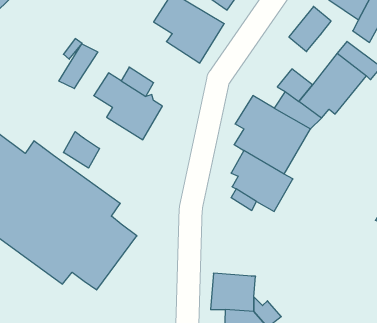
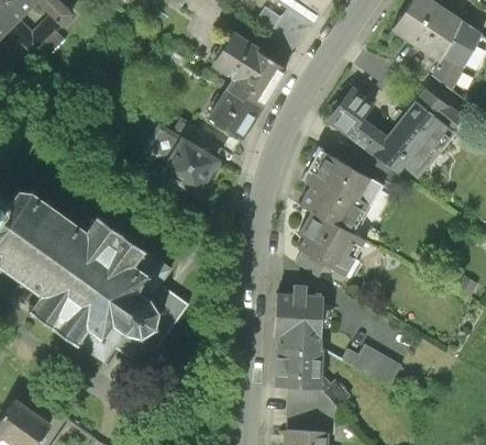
building: [289,6,331,52] -> [329,89,376,140]
building: none -> [206,89,262,142]
building: [59,44,98,89] -> none
building: [63,132,100,168] -> none
building: none -> [273,286,323,352]
building: none -> [342,345,407,390]

